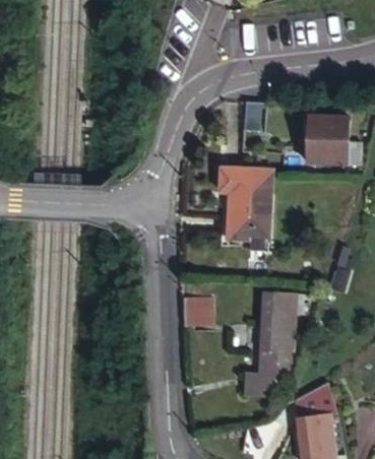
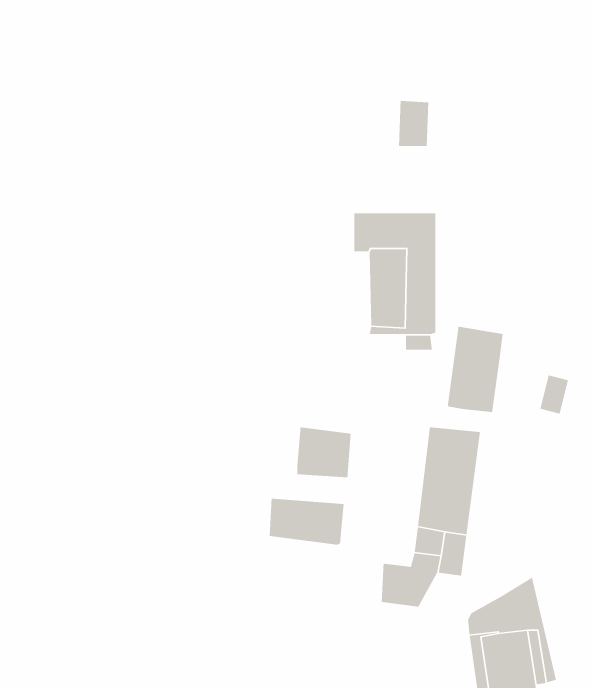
building: [302,113,357,161] -> none
building: none -> [447,326,504,413]
building: none -> [269,498,345,545]

